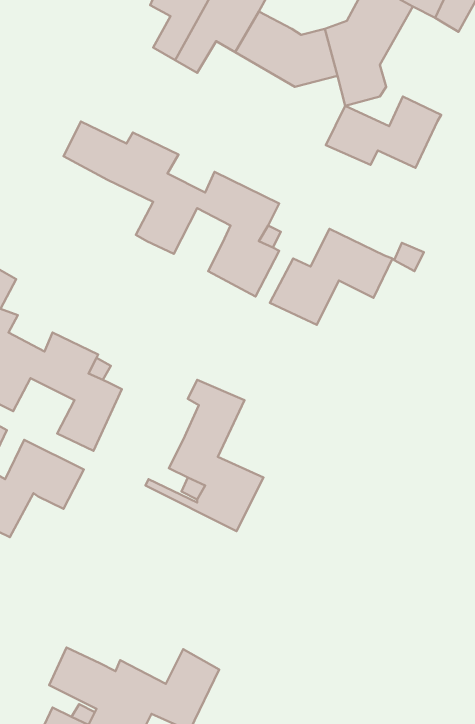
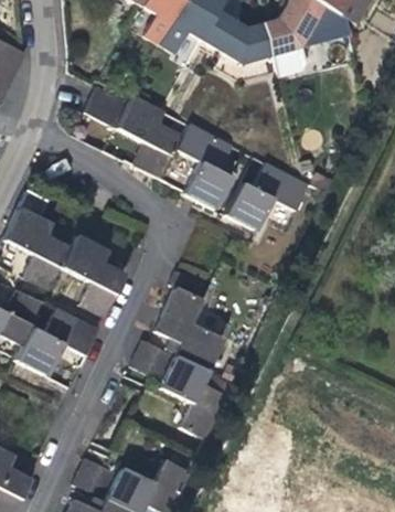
building: [326,96,441,168] -> none
building: none -> [127,342,228,438]

